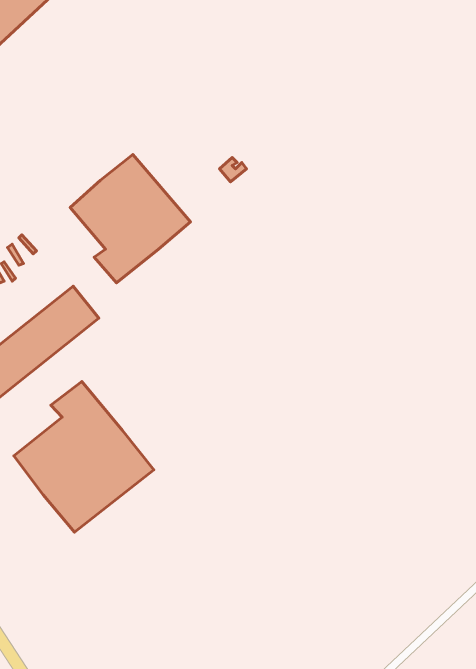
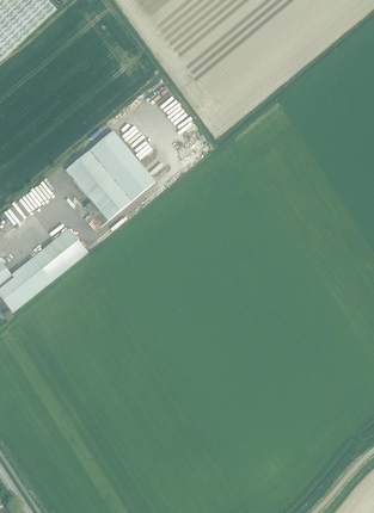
building: [14,381,154,532] -> none

